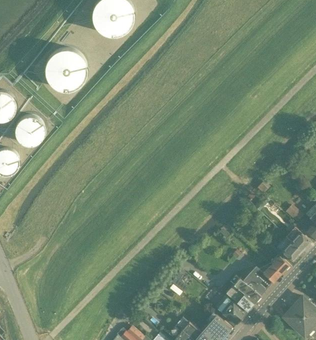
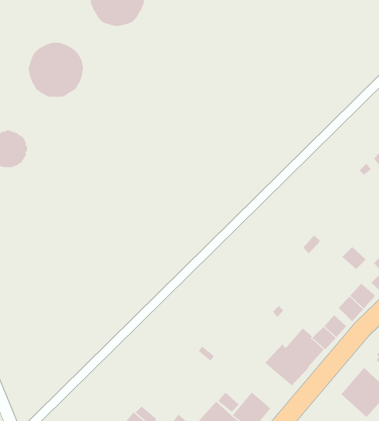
building: [219,298,247,325] -> none

